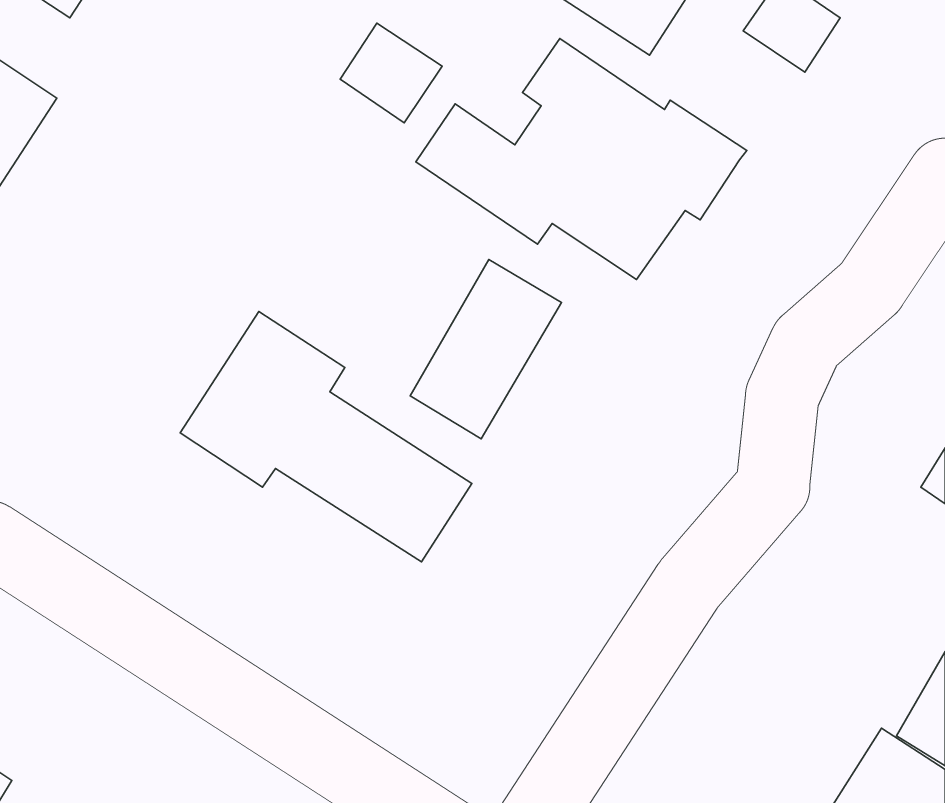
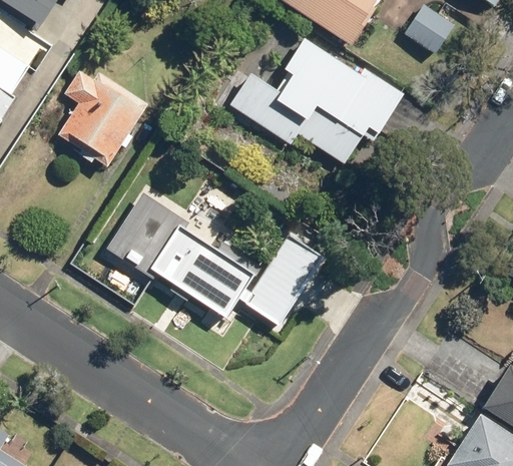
building: [340,23,442,123] -> none
building: none -> [53,80,143,176]
building: [410,259,562,439] -> [246,230,328,327]

